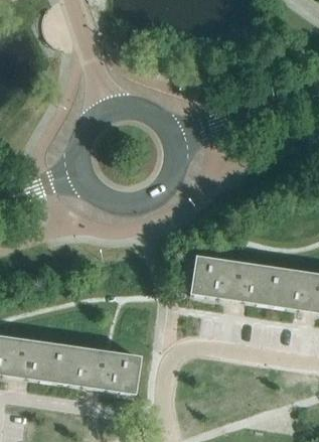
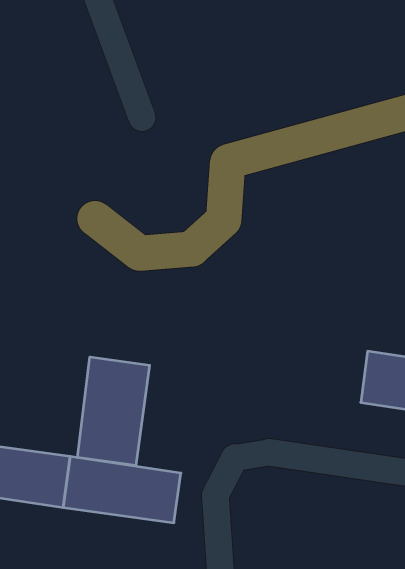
building: [191,256,277,305] -> none
building: none -> [78,357,150,465]

